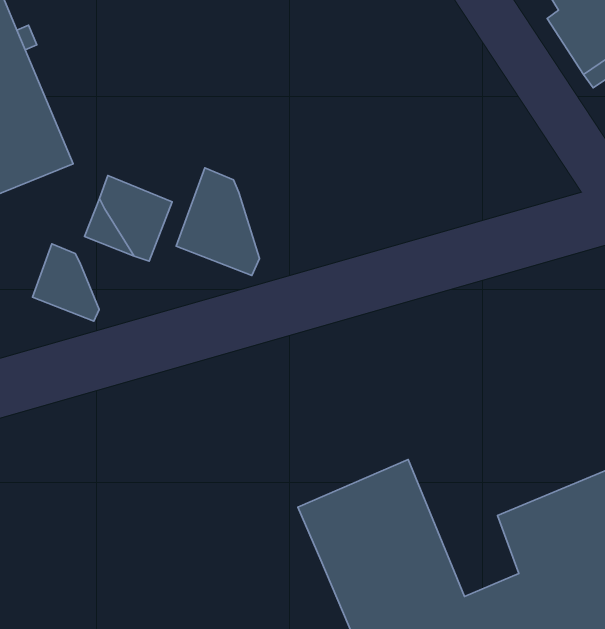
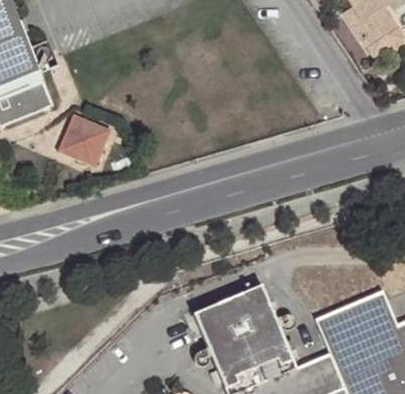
building: [176,168,260,276] -> none
building: [32,244,99,321] -> none

